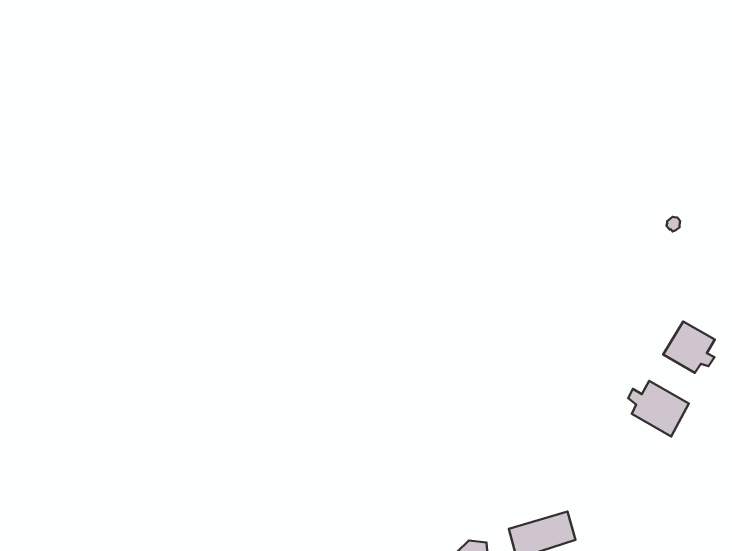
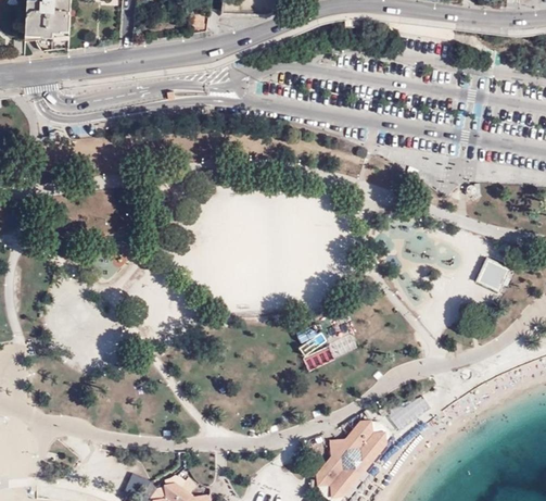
building: [628,381,689,436] -> none

